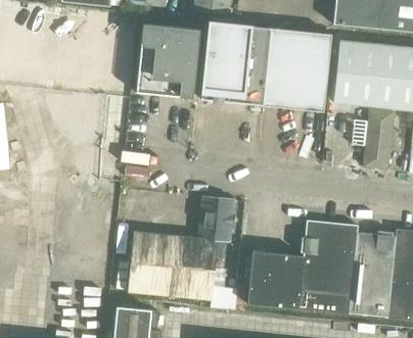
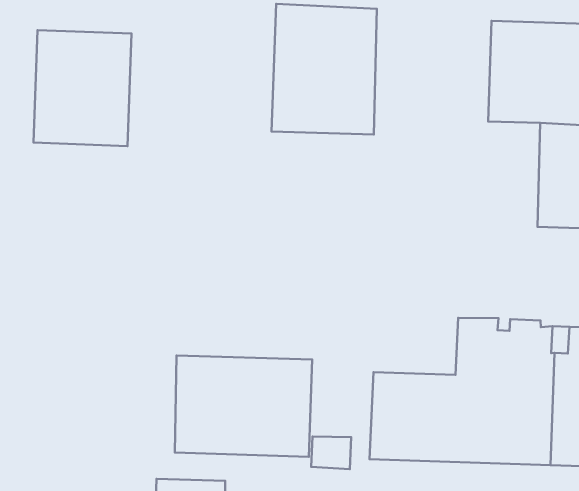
building: [136,23,200,98] -> [34,30,131,146]
building: [264,29,332,112] -> none
building: [192,196,227,240] -> none

